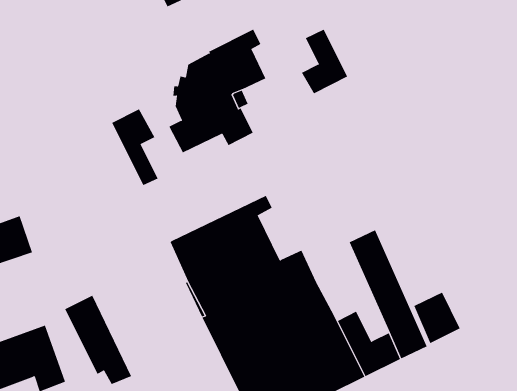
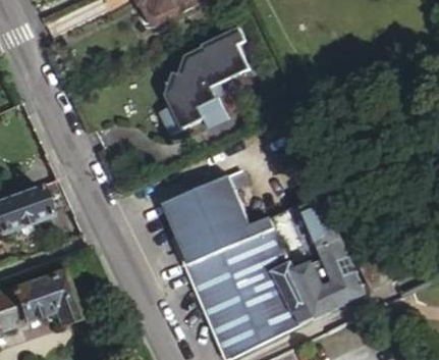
building: [301,29,348,94] -> none
building: [112,109,159,186] -> none
building: [65,295,132,385] -> none

